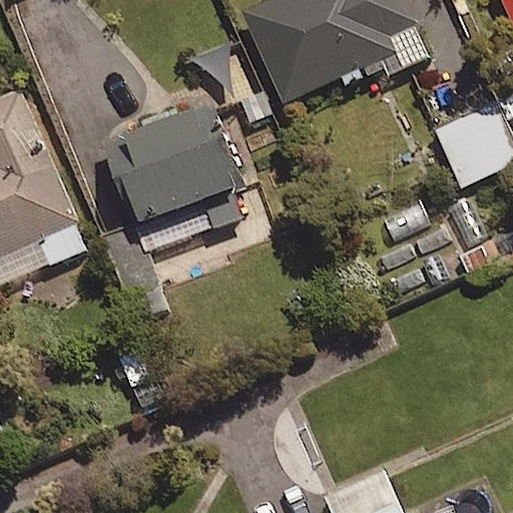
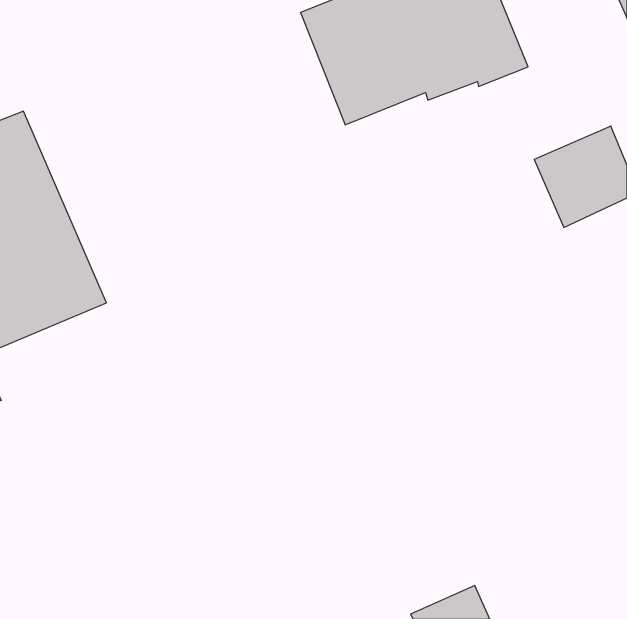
building: [106,105,249,317] -> none

